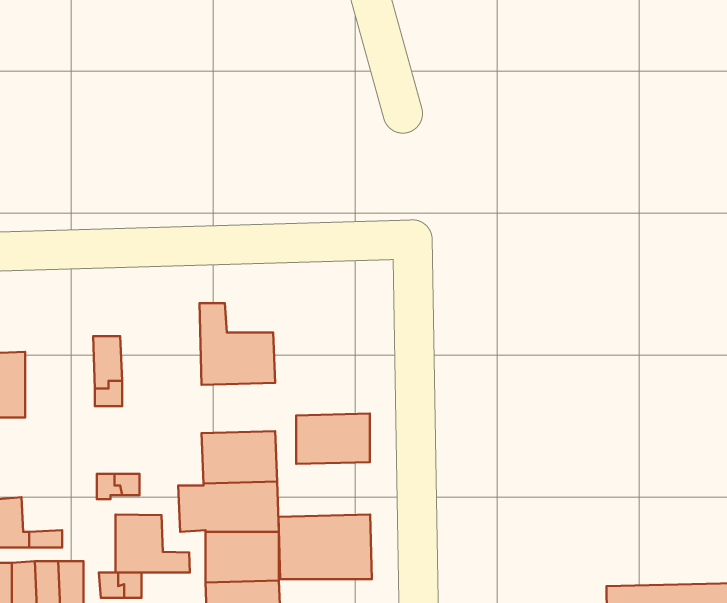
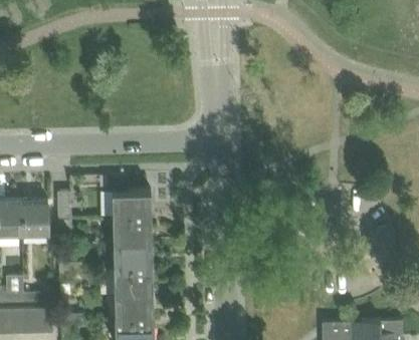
building: none -> [21,201,47,236]
building: [296,414,370,464] -> [113,218,151,244]
building: [279,514,372,579] -> none
building: [116,515,190,573] -> none

